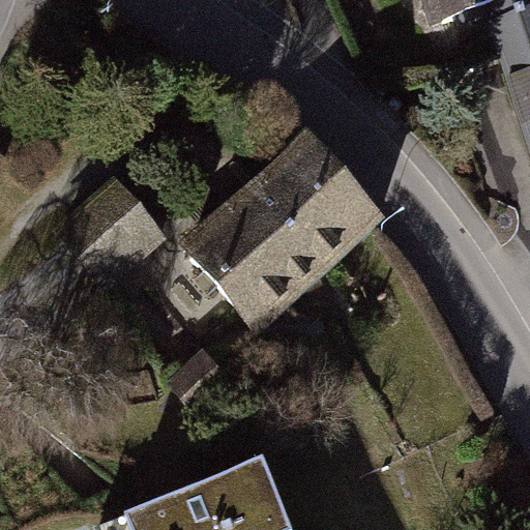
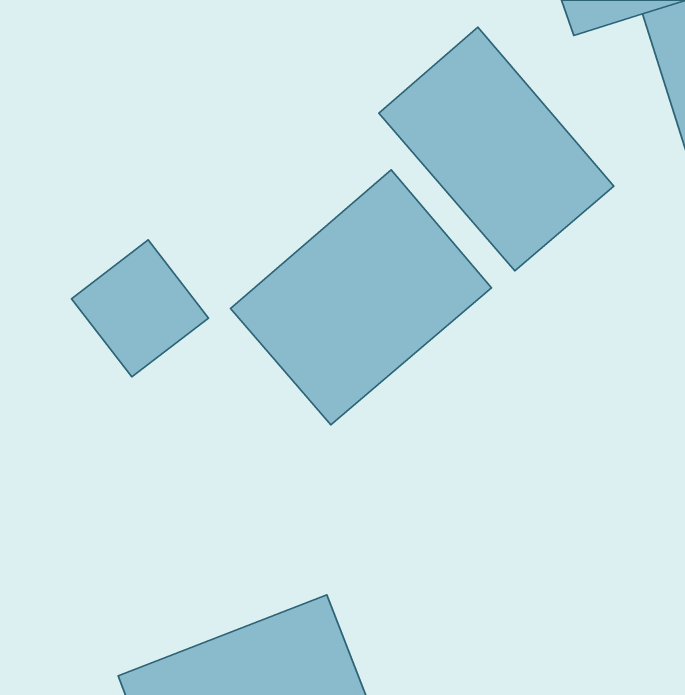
building: none -> [379,27,614,271]

